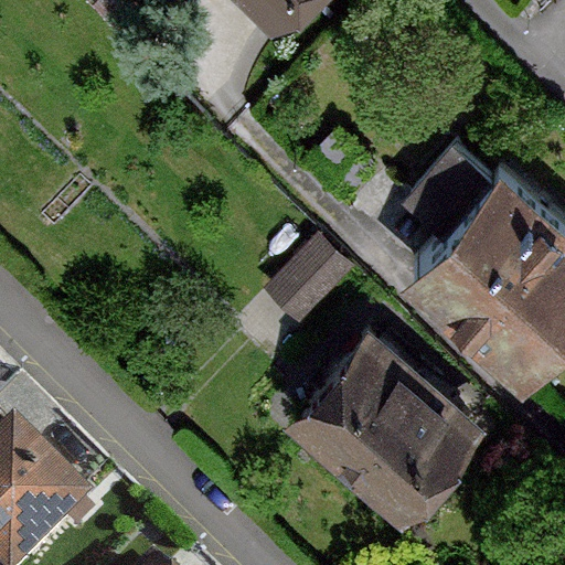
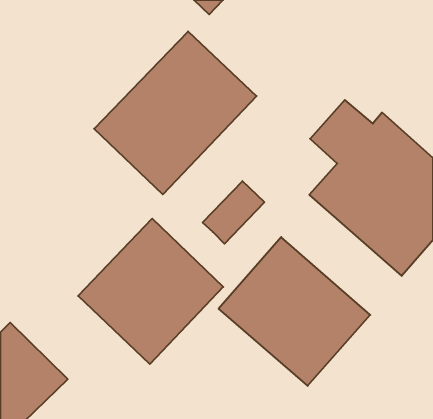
building: none -> [94,31,257,194]
building: none -> [78,219,223,364]

